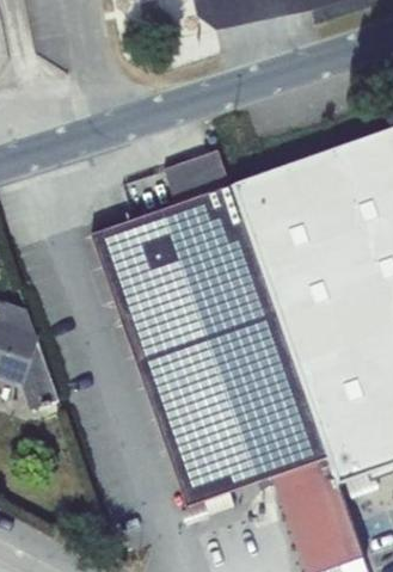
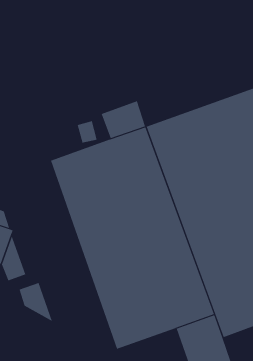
building: none -> [19,282,53,322]

